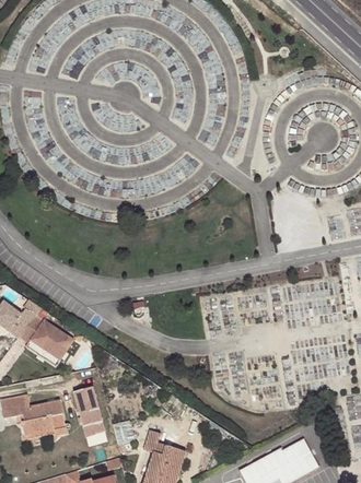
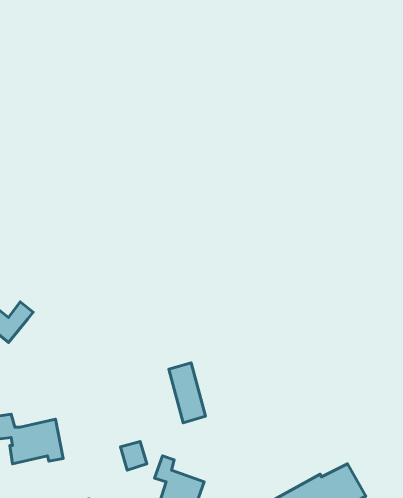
building: [20,317,73,361] -> none
building: [73,388,104,438] -> [169,363,205,423]

